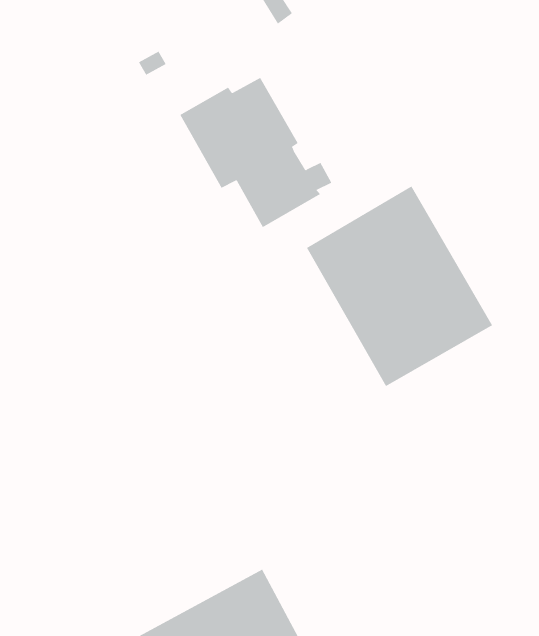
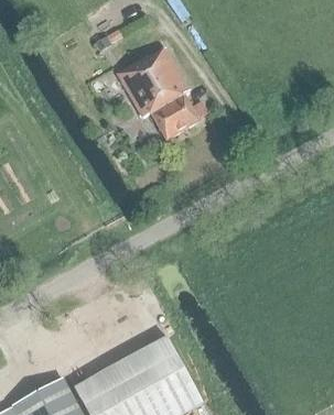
building: [306,186,493,387] -> none

